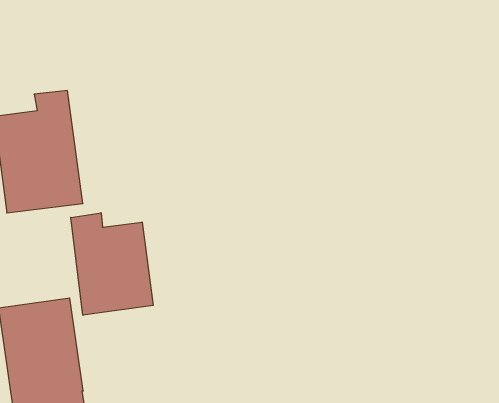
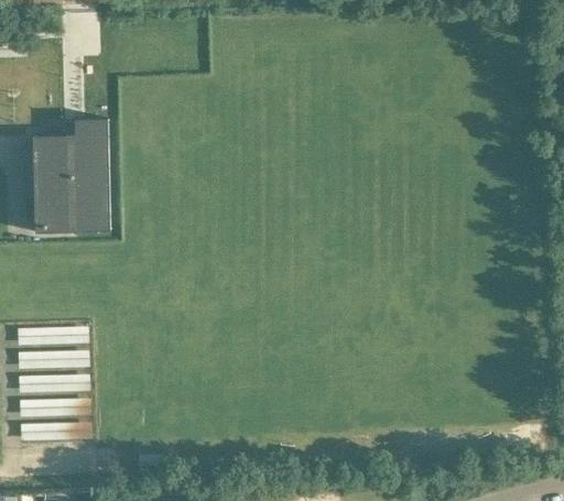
building: [71,213,153,315] -> none

